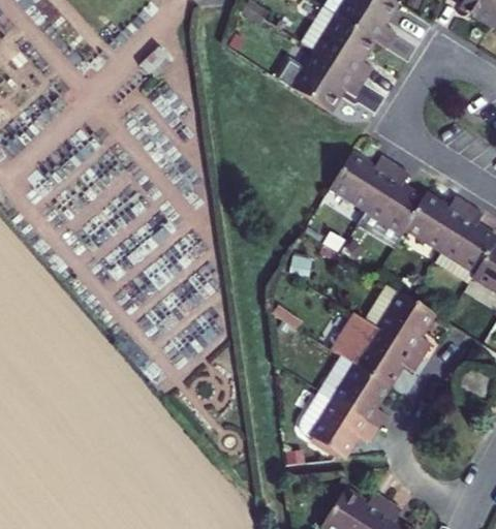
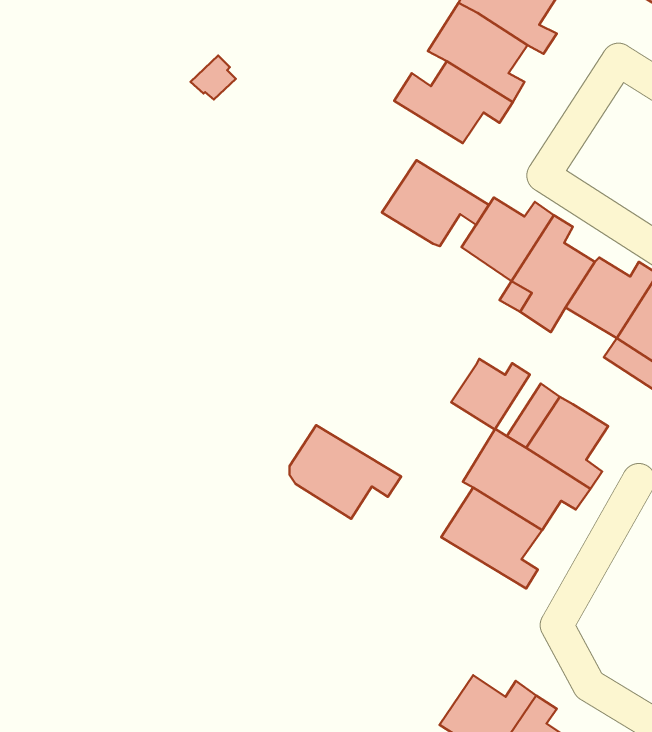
building: none -> [382,160,489,246]
building: none -> [451,359,530,430]
building: [300,391,378,457] -> [290,425,401,519]

